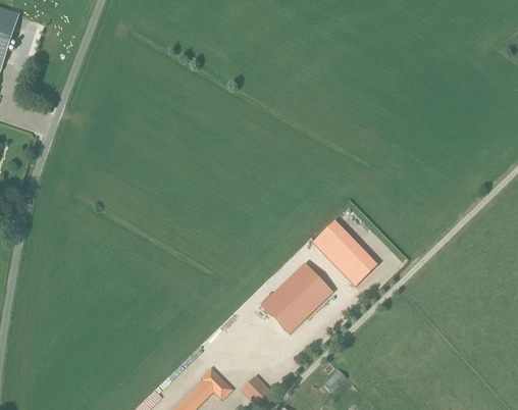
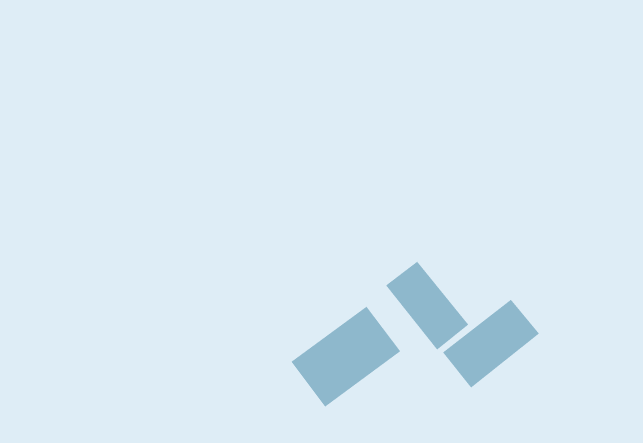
building: none -> [442,299,540,388]

